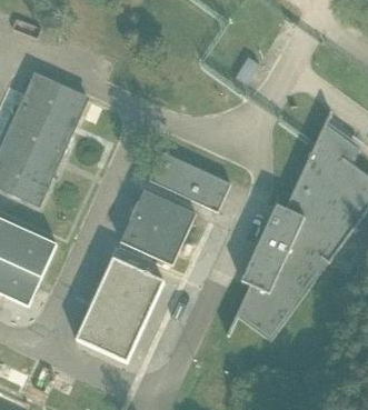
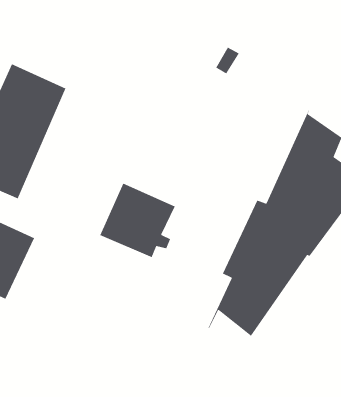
building: [149,151,230,211] -> none
building: [77,258,162,360] -> none

